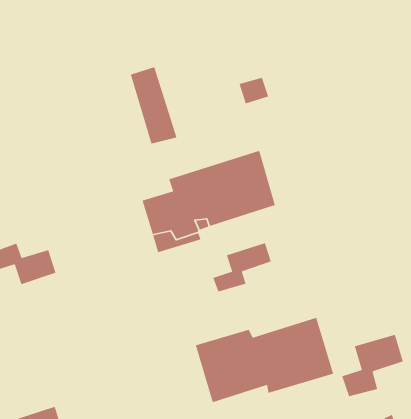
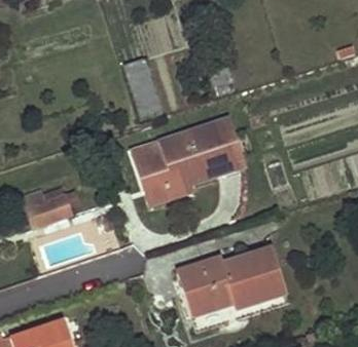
building: [212,242,272,292] -> none
building: [341,334,404,397] -> none

